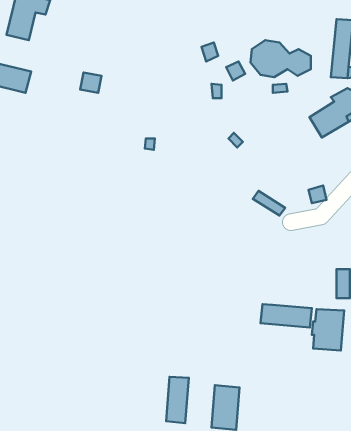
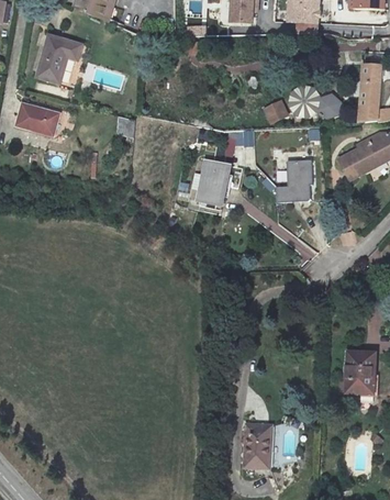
building: none -> [196,158,230,203]
building: none -> [275,158,311,201]
building: [260,304,312,327] -> none
building: [166,377,189,423] -> none

